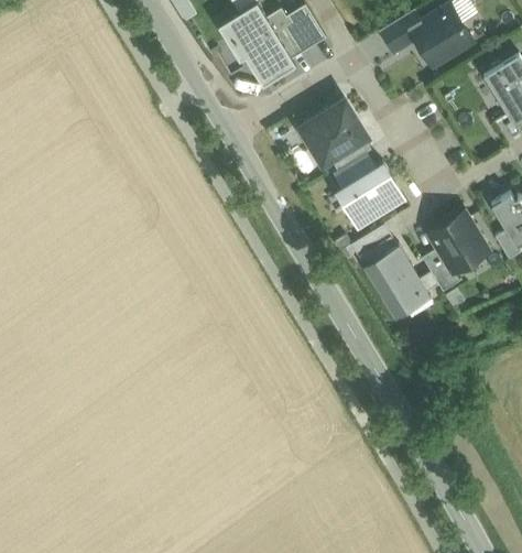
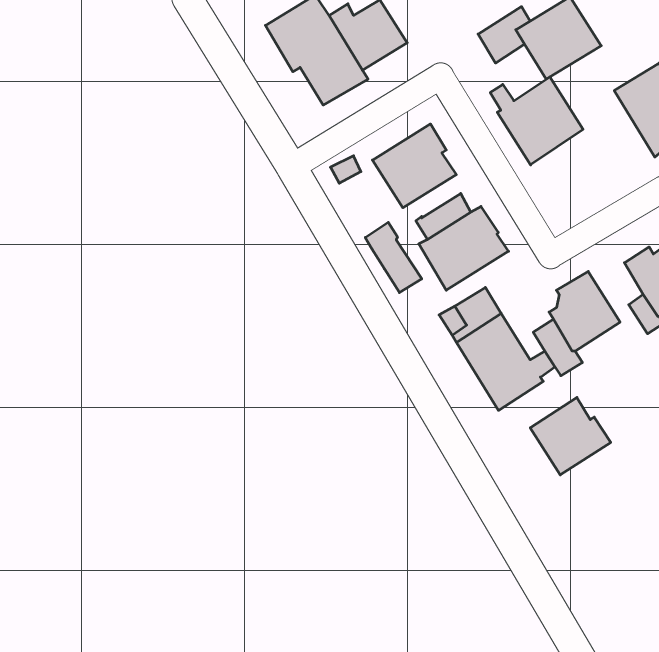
building: none -> [490,77,583,165]
building: none -> [365,222,422,293]
building: none -> [530,397,611,475]

